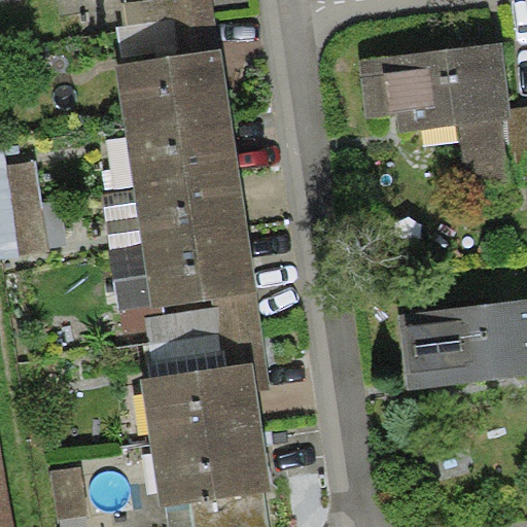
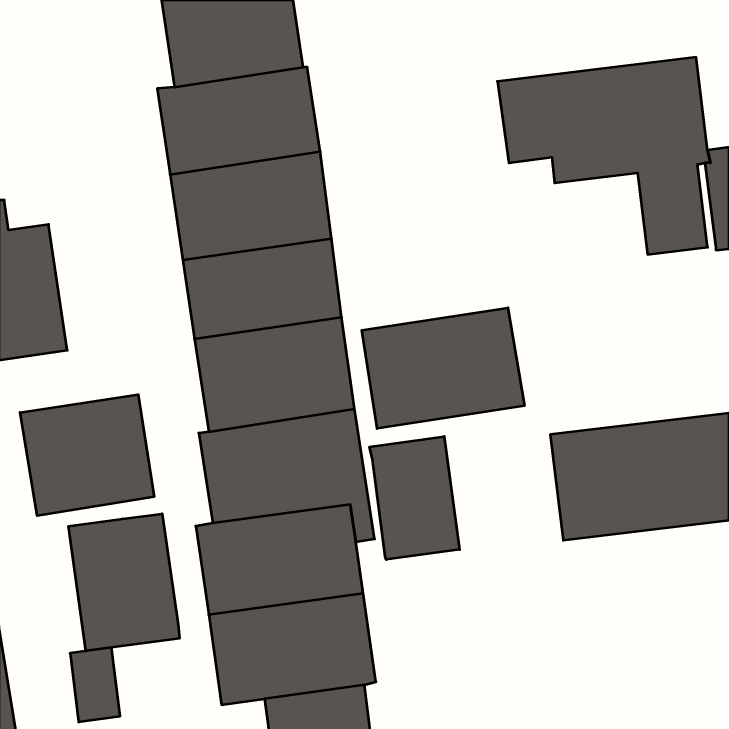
building: none -> [362,308,524,429]
building: none -> [20,395,154,516]
building: none -> [370,436,460,560]
building: none -> [69,514,179,651]

